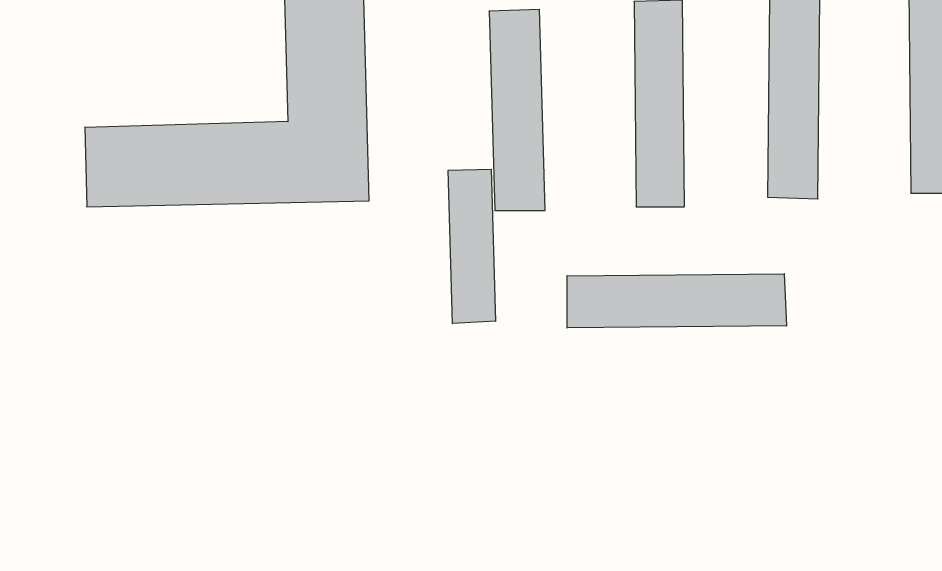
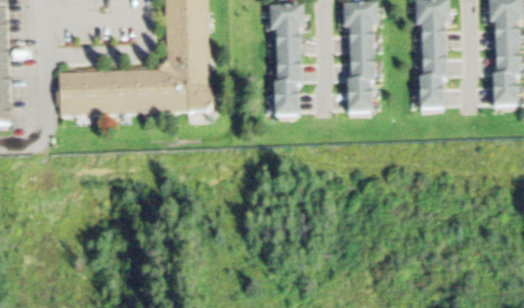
building: [448,169,496,324] -> none
building: [567,274,786,328] -> none

